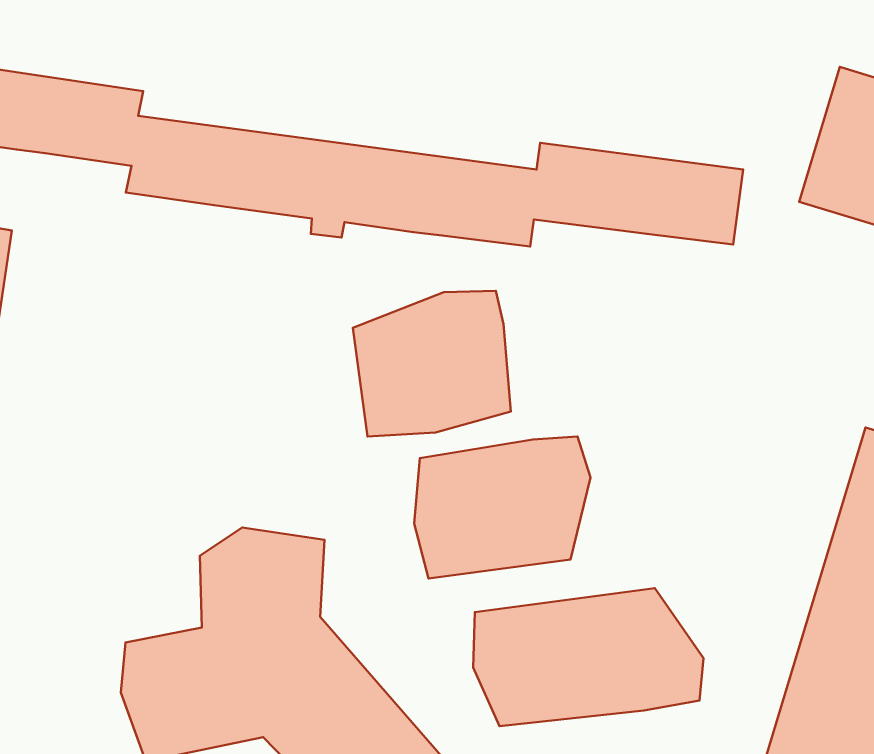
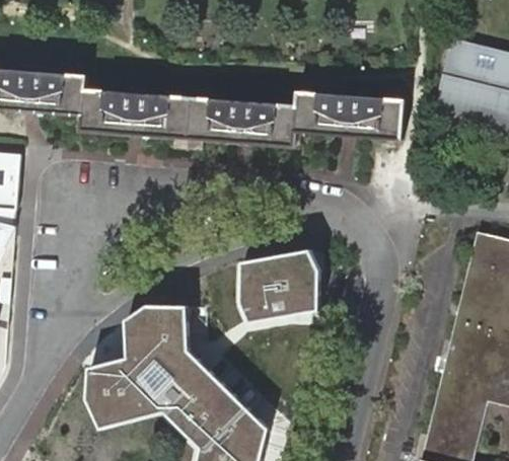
building: [353,291,511,436] -> none
building: [473,588,704,726] -> none

